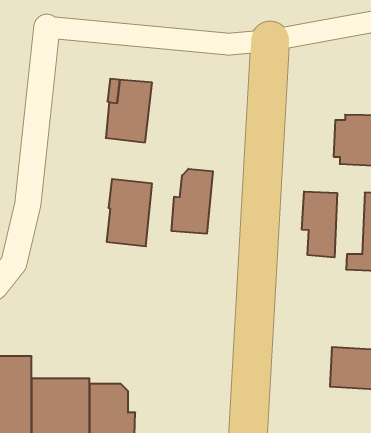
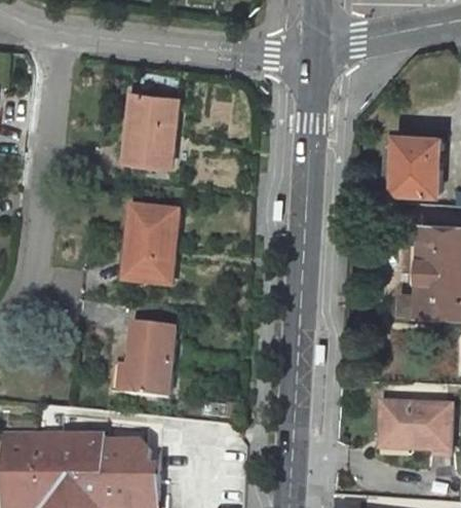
building: [172,169,213,234] -> none
building: [302,191,337,257] -> none
building: none -> [110,322,176,399]

